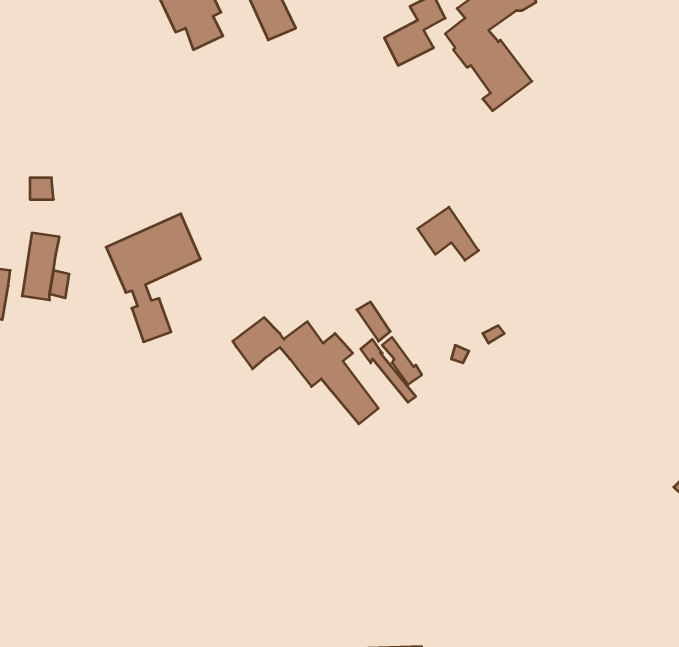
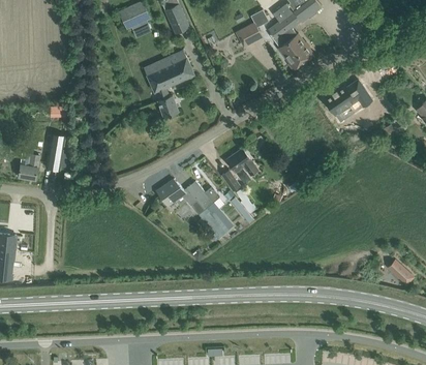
building: none -> [324,83,371,117]
building: [418,207,479,260] -> [225,150,257,178]
building: [106,214,201,342] -> [144,53,193,120]

